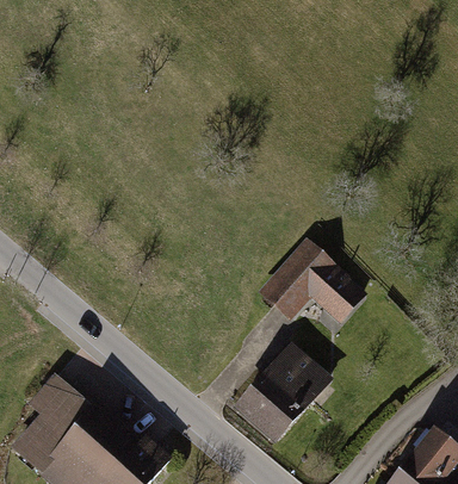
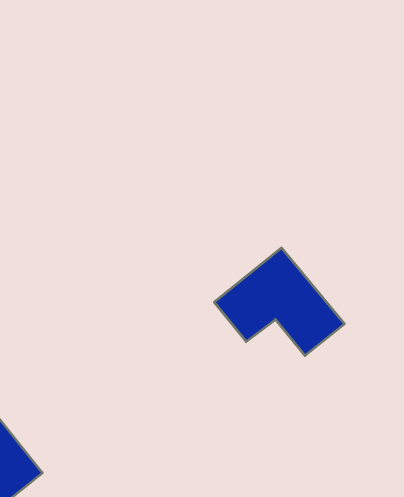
building: [239,350,324,439] -> none

